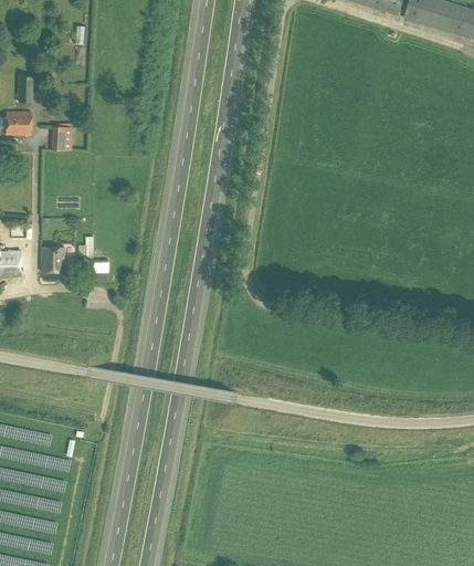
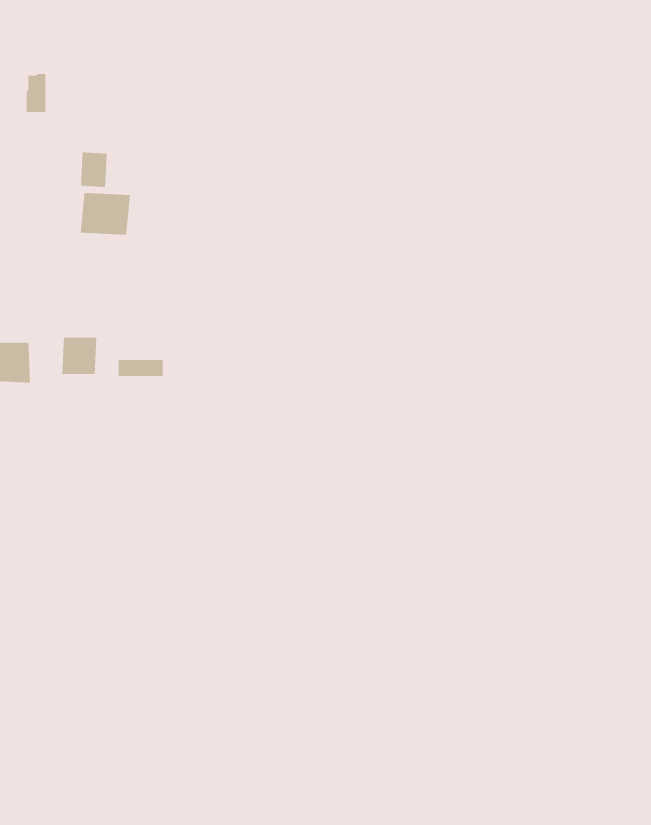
building: [6,111,31,134] -> none
building: none -> [80,192,131,235]

